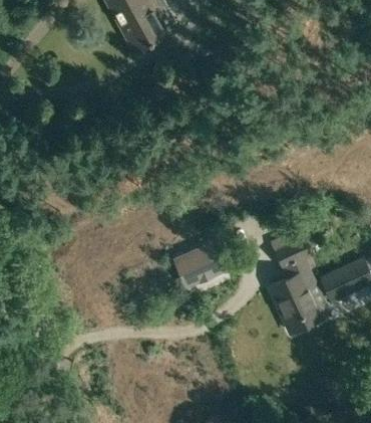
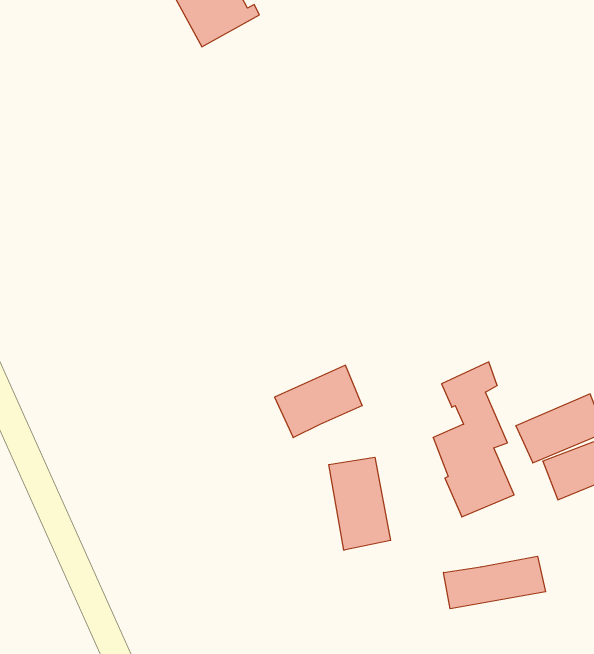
building: none -> [329,457,391,550]
building: none -> [444,556,546,609]

